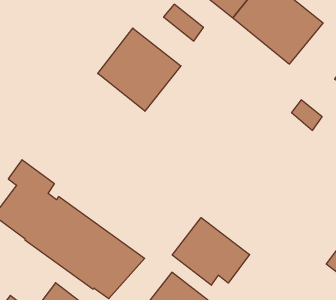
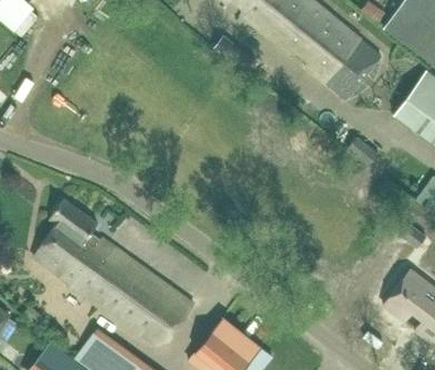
building: [98,28,181,111] -> none
building: [172,218,250,285] -> none

